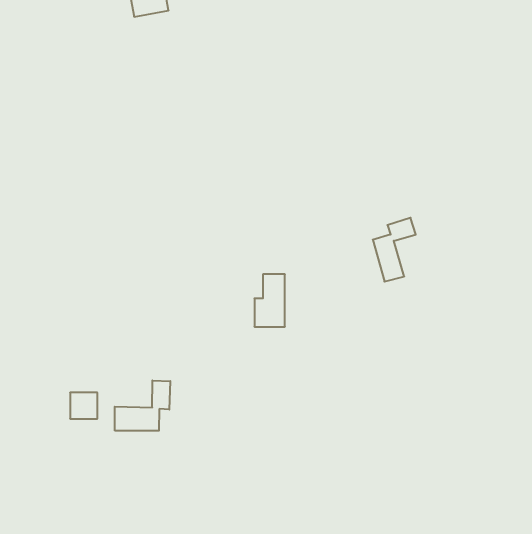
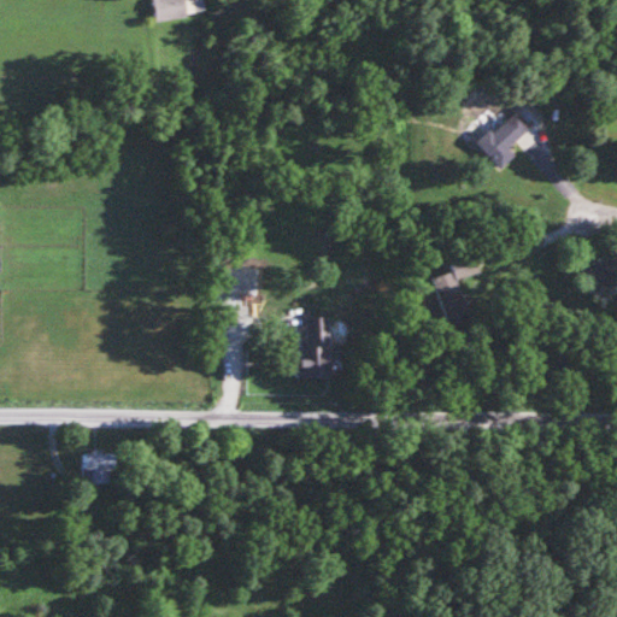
building: none -> [478,107,534,168]
building: [115,380,170,431] -> none

